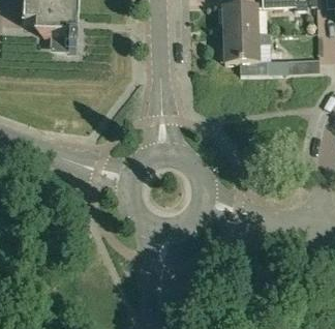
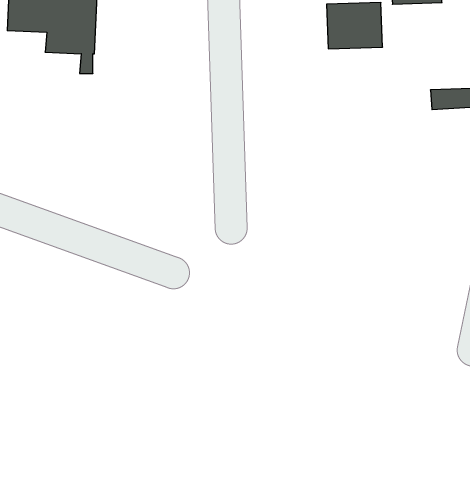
building: [224,33,271,73] -> none

